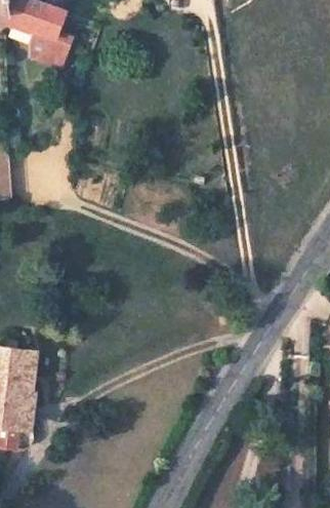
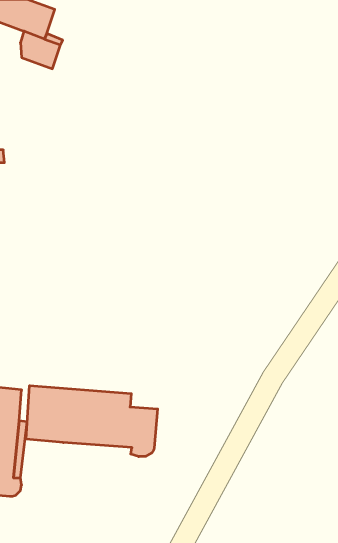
building: none -> [26,386,158,457]

